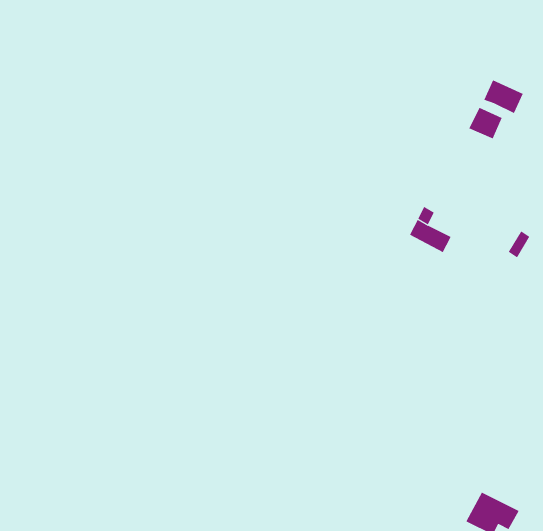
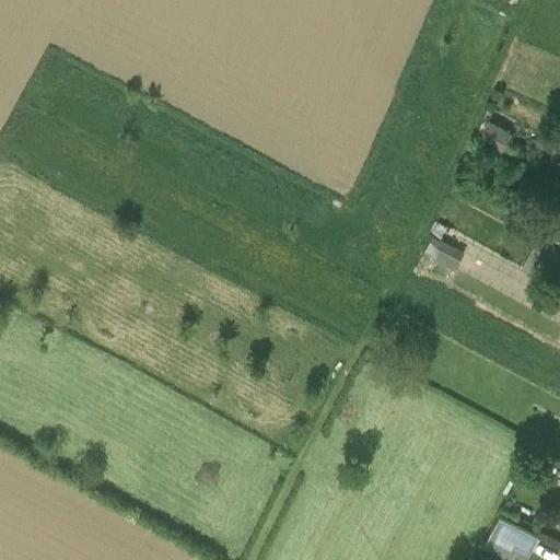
building: [484,80,524,114] -> none

